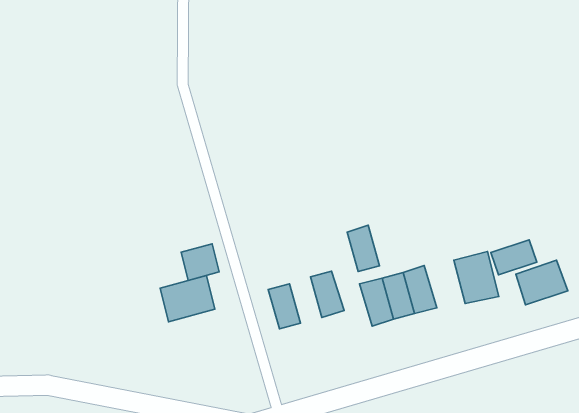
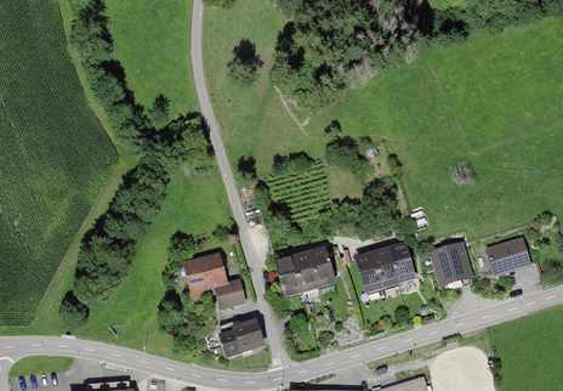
building: [347,225,379,272] -> [291,251,319,291]
building: [491,240,537,275] -> none
building: [181,244,219,280] -> [212,277,245,308]
building: none -> [220,319,261,353]

